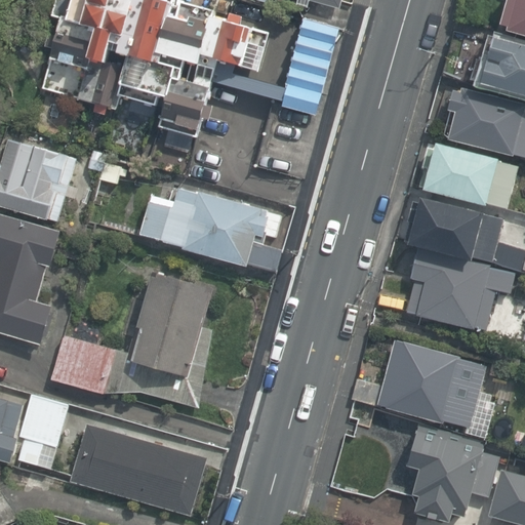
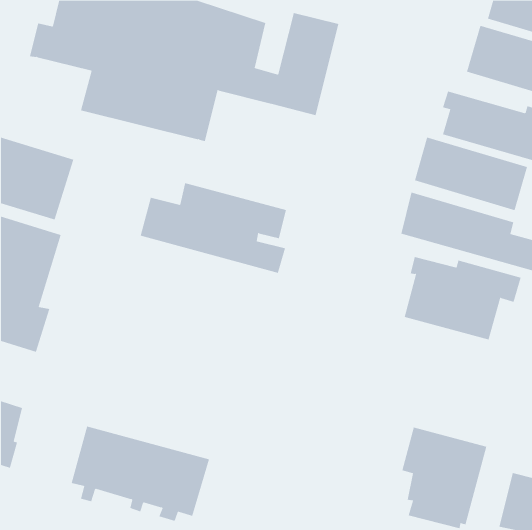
building: [52,272,213,406] -> none
building: [365,336,492,432] -> none
building: [17,393,69,463] -> none

